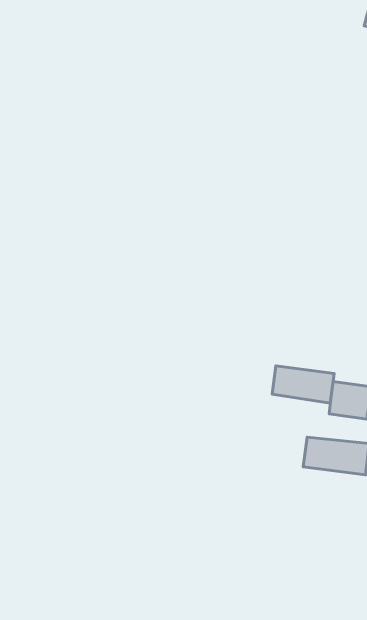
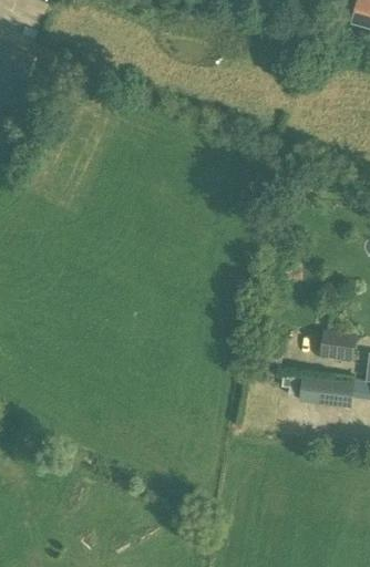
building: [272,366,334,403] -> none

